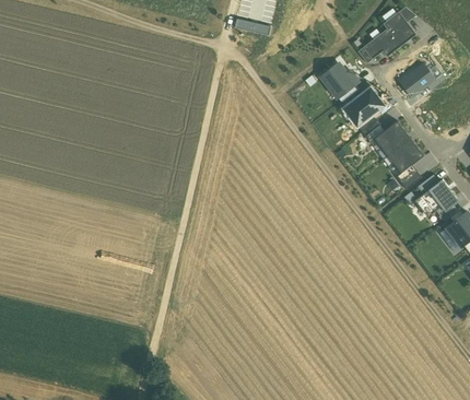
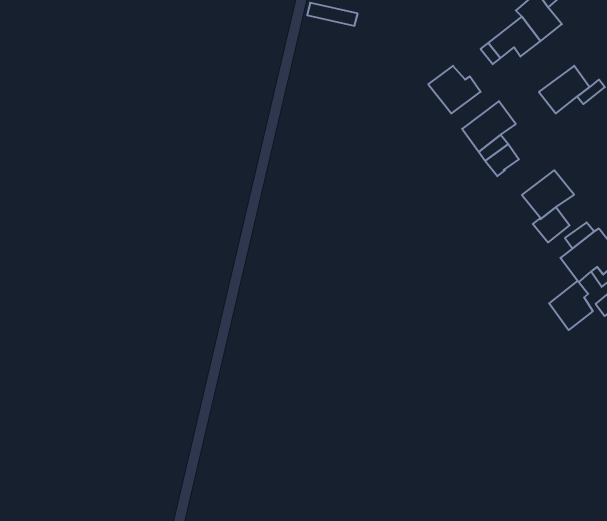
building: [374,120,410,155] -> none
building: none -> [549,281,593,330]

